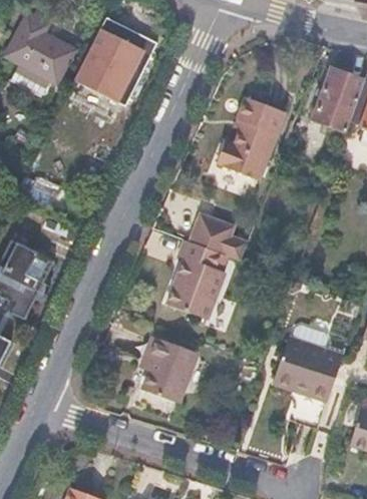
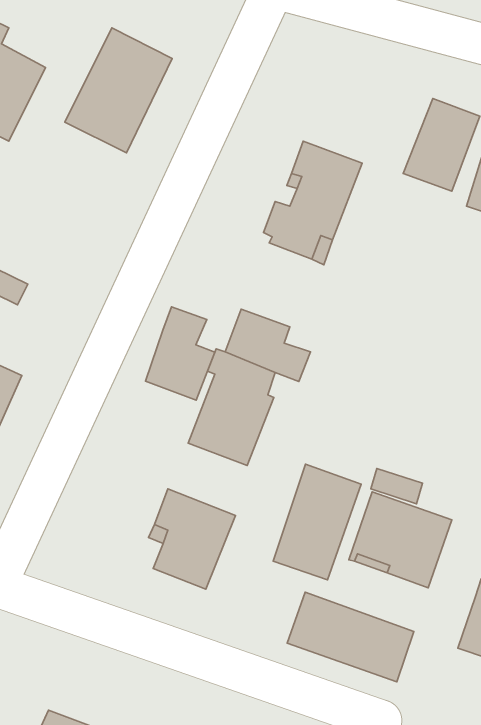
building: none -> [146,307,215,400]
building: none -> [273,464,361,580]
building: none -> [287,592,414,682]

